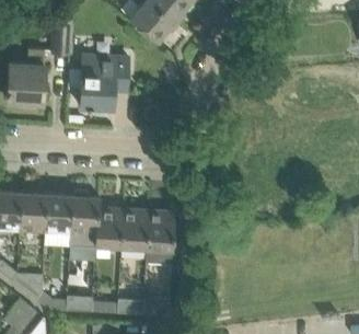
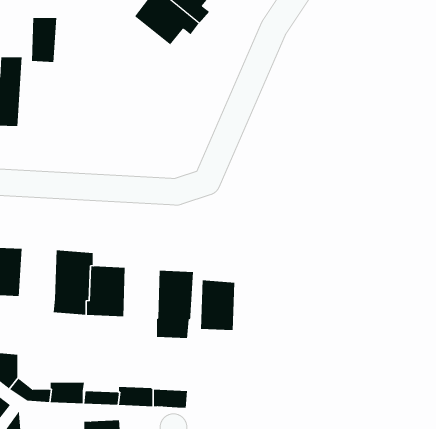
building: [71,55,129,110] -> none
building: [44,195,71,233] -> none
building: [123,209,149,247] -> [200,280,235,331]

